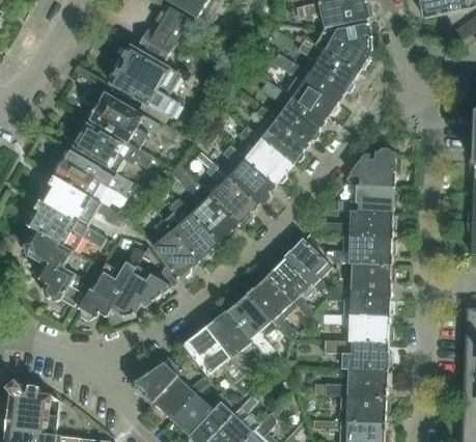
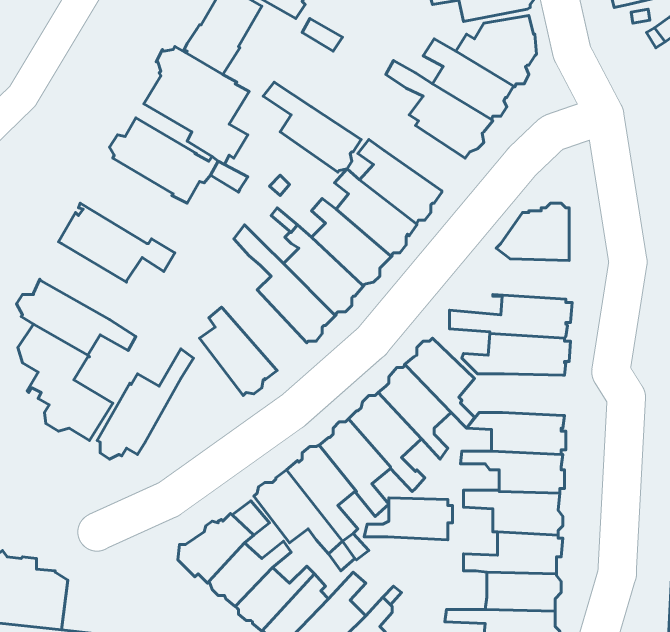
building: [259,80,325,140] -> [263,82,361,172]
building: [71,118,152,172] -> none
building: [38,175,124,226] -> none
building: [336,186,396,213] -> none
building: [163,198,219,259] -> none
building: [334,263,393,291] -> [364,498,453,540]
building: [111,266,176,319] -> none

